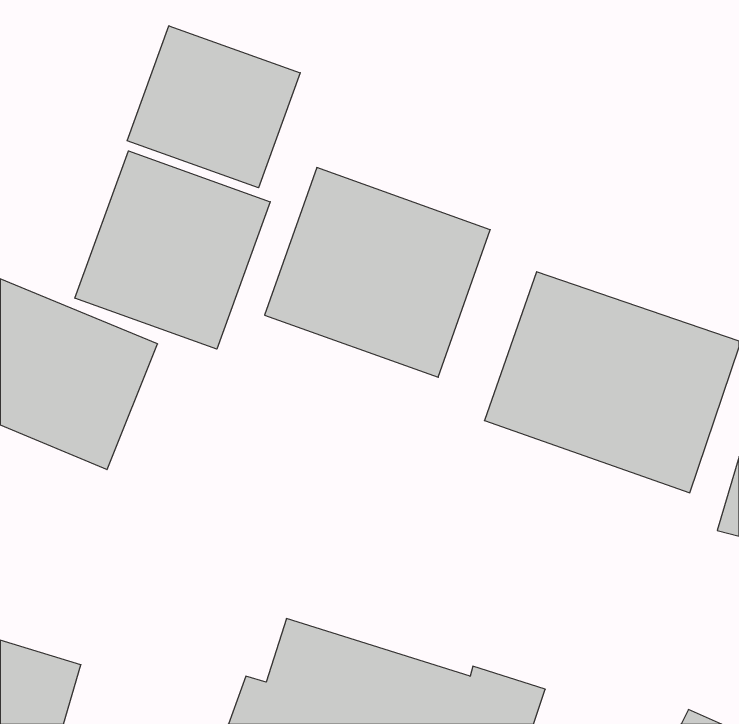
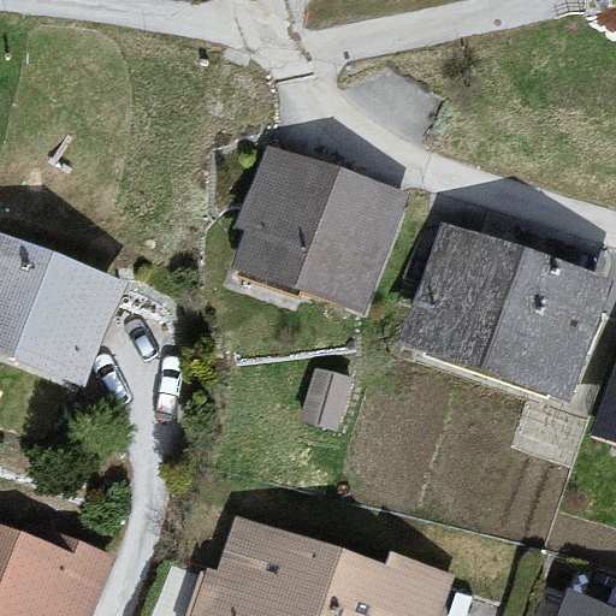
building: [127,26,300,188] -> none
building: [75,151,270,349] -> none

